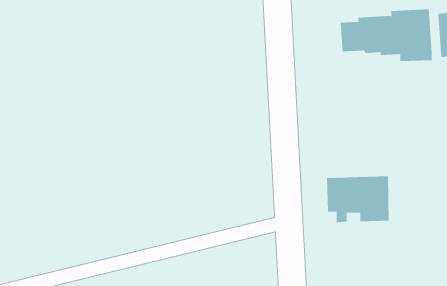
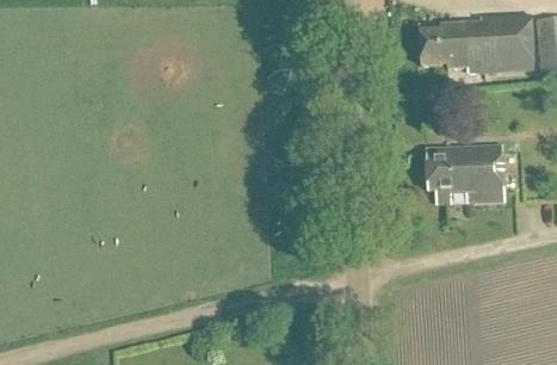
building: [326,176,390,223] -> [423,144,501,202]

